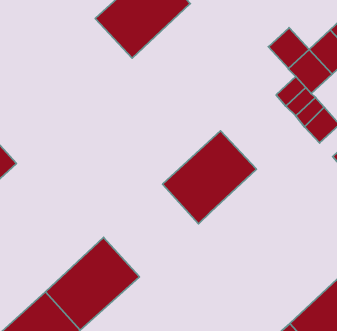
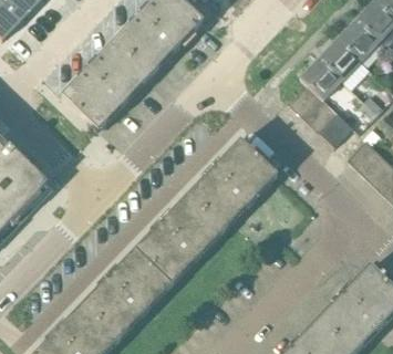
building: none -> [61,41,151,131]
building: [268,28,309,69] -> none
building: none -> [134,195,224,284]

